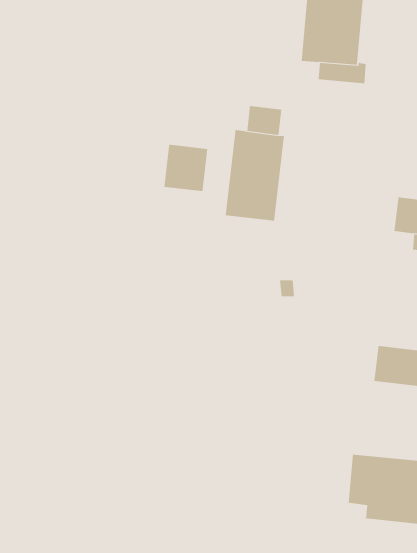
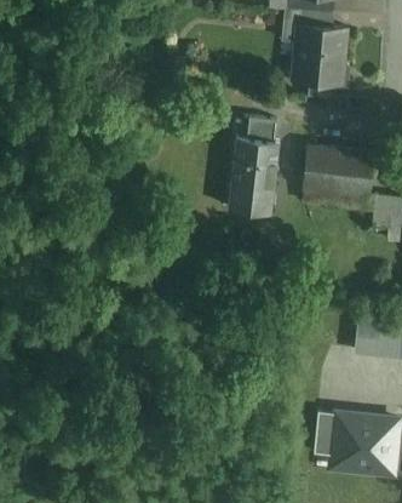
building: none -> [304,148,372,198]
building: [164,144,208,192] -> none
building: none -> [314,412,337,456]

